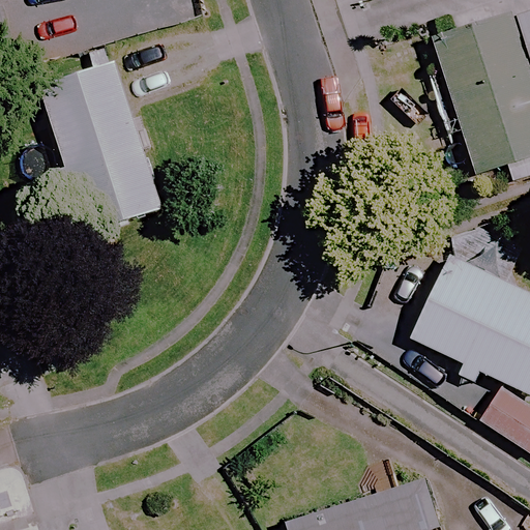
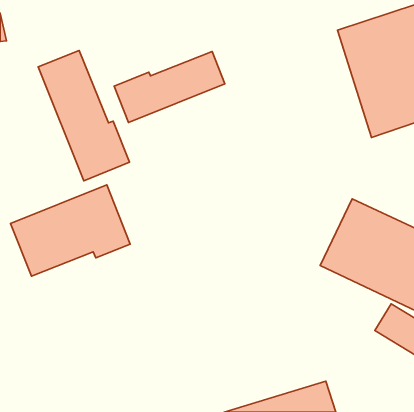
building: none -> [114,52,225,122]
building: none -> [10,185,130,276]

